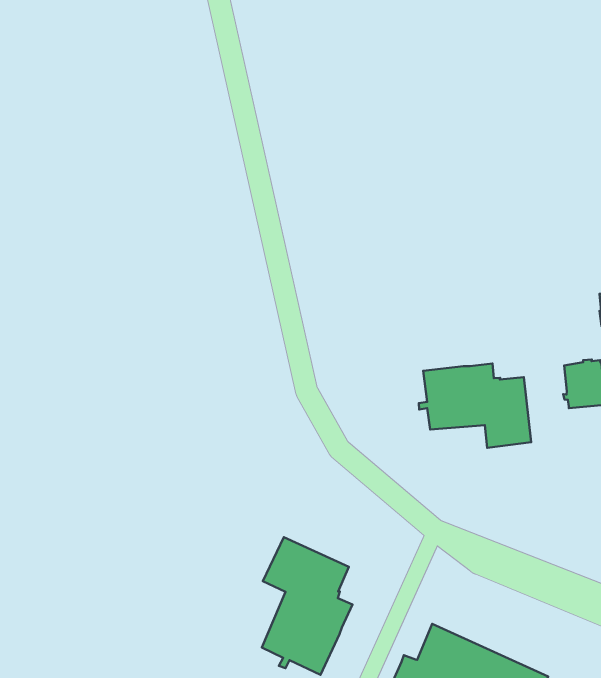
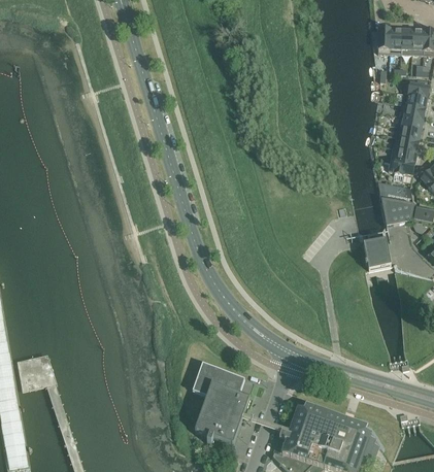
building: [419,363,531,448] -> none

